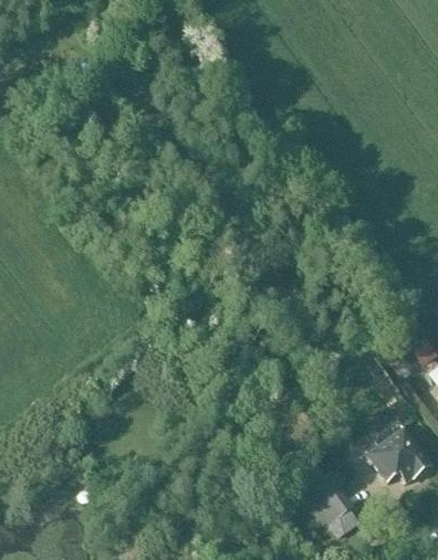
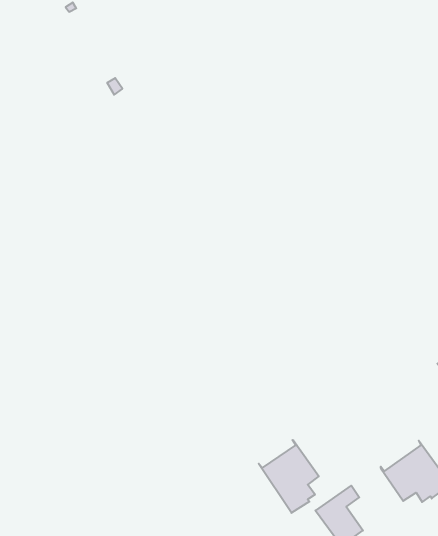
building: none -> [259,440,319,513]

